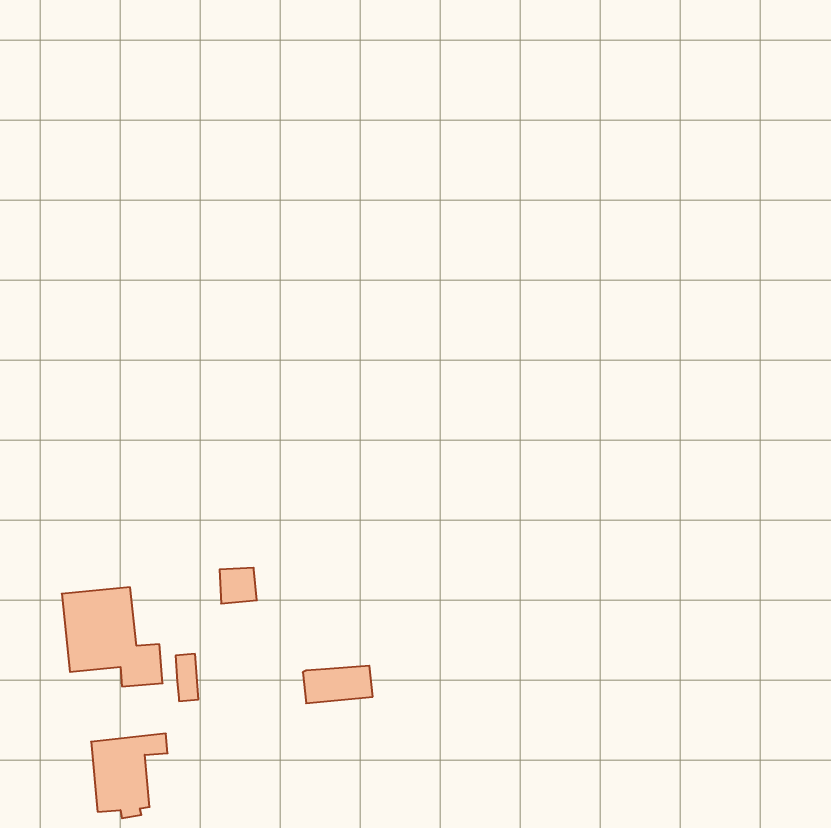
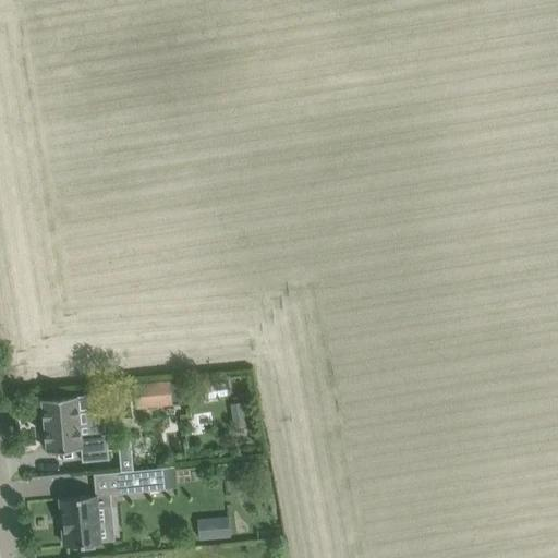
building: [303,666,373,703] -> [118,469,165,494]
building: none -> [192,518,227,538]

